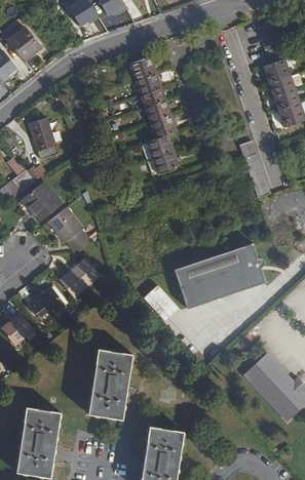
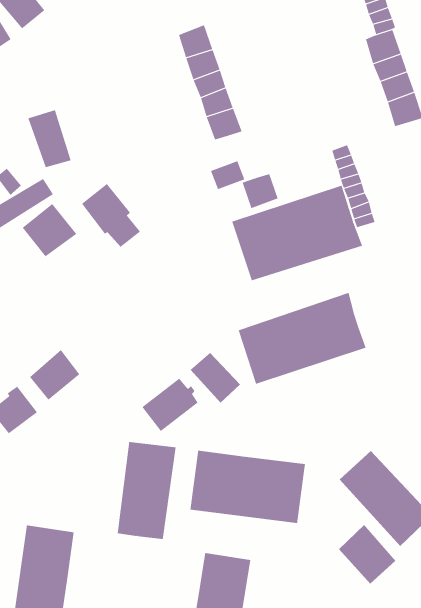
building: [149,134,175,159] -> [242,174,278,209]
building: none -> [231,185,363,281]
building: [48,206,90,251] -> [81,183,141,248]
building: [60,258,100,296] -> [142,378,199,432]
building: none -> [190,450,305,524]
building: none -> [338,524,396,584]

